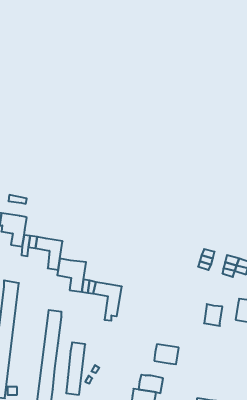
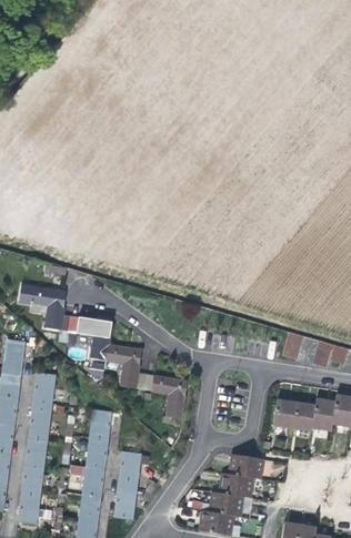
building: none -> [310,399,333,430]
building: none -> [271,400,293,427]
building: none -> [215,474,247,498]

